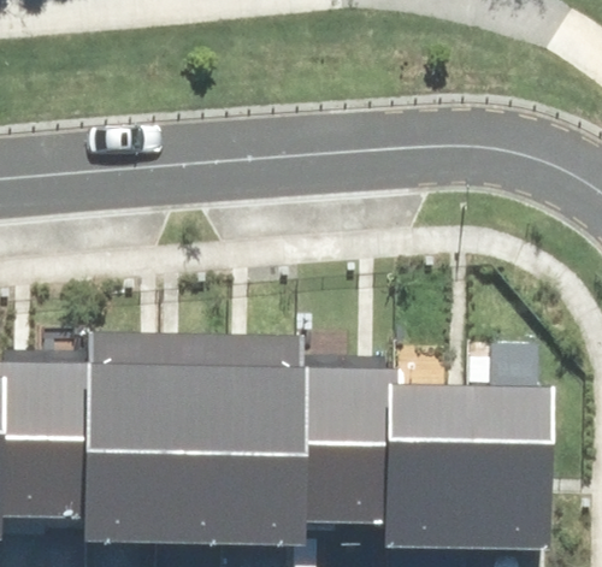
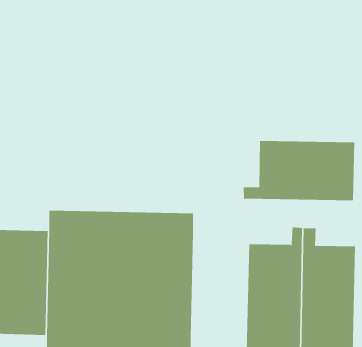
building: none -> [243,140,355,201]
building: [302,367,388,526] -> none

